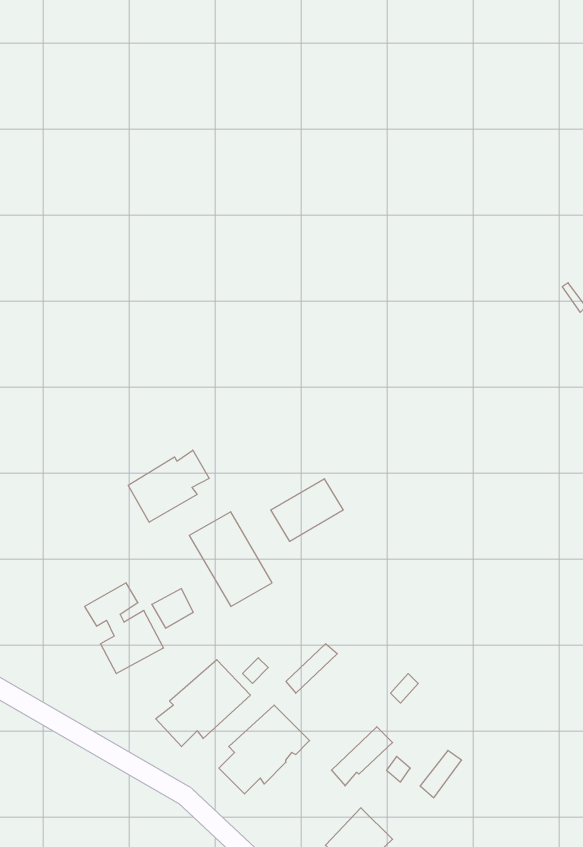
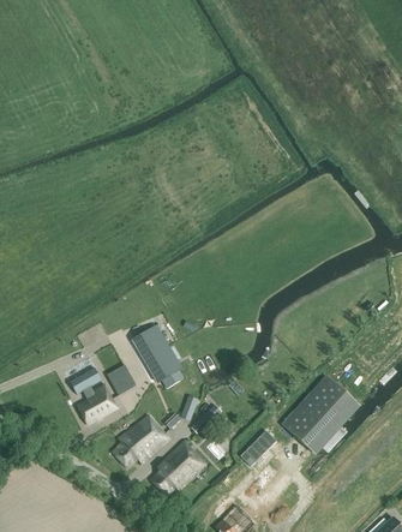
building: [128,450,209,522] -> none
building: [271,479,343,541] -> none
building: none -> [281,375,356,452]

